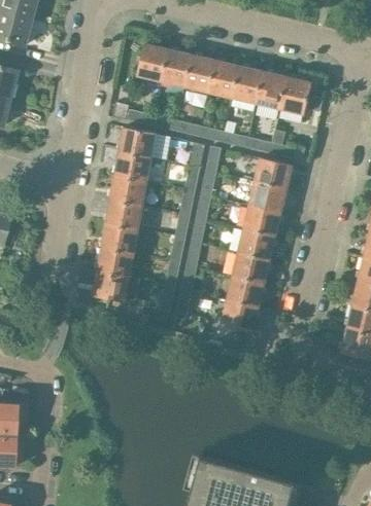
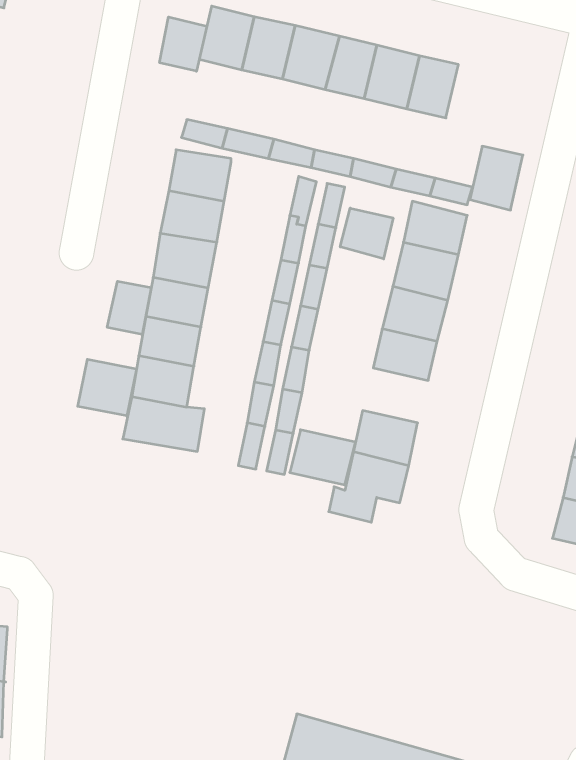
building: none -> [160,17,207,71]
building: [279,77,310,114] -> [470,146,523,210]
building: none -> [340,208,393,259]
building: none -> [107,281,151,335]
building: none -> [78,359,137,416]
building: [231,253,269,285] -> [290,430,355,485]

